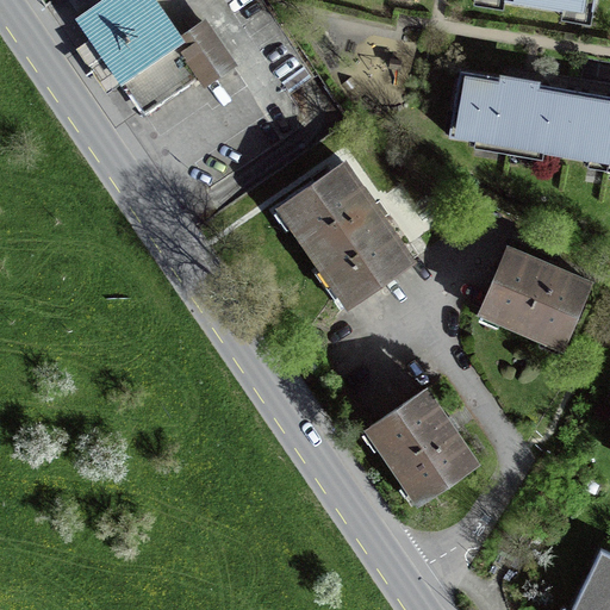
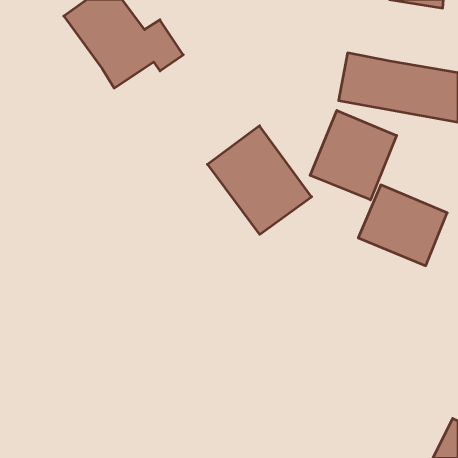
building: none -> [310,110,397,200]
building: [363,388,480,509] -> none

